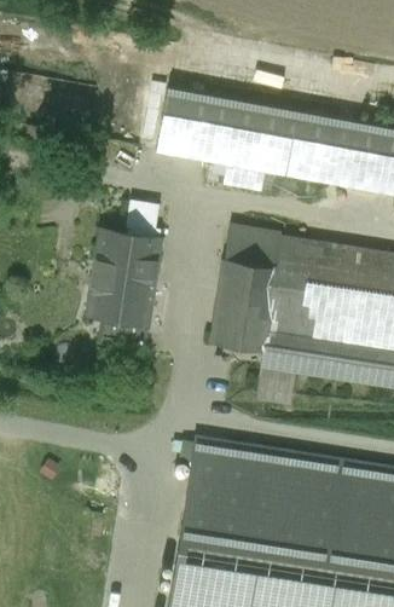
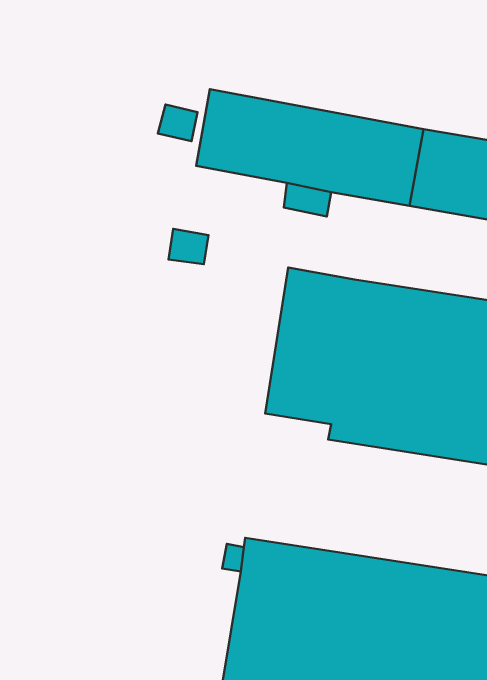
building: [89,229,160,343] -> none

